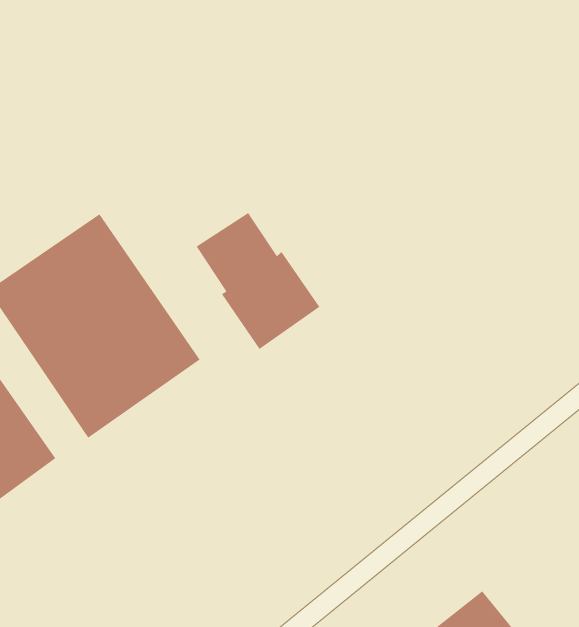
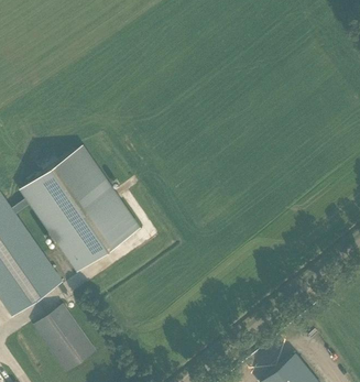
building: [196,212,320,350] -> none
building: none -> [33,304,95,371]

